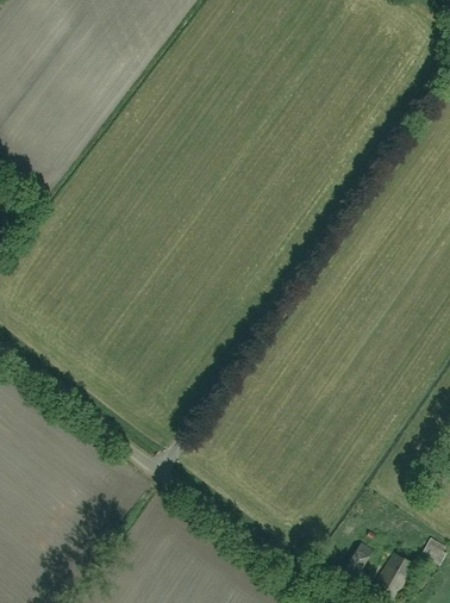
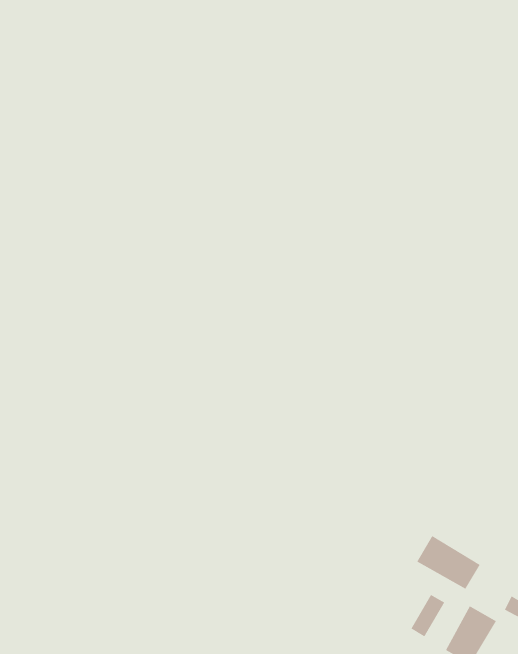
building: none -> [417,535,481,589]

